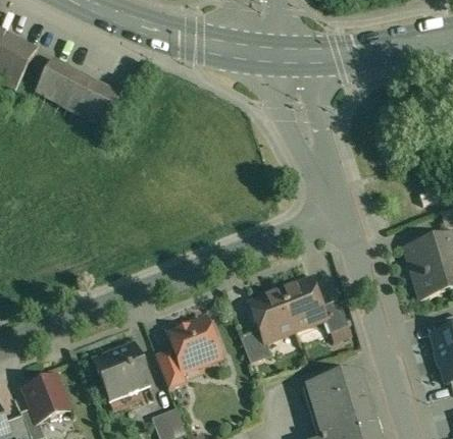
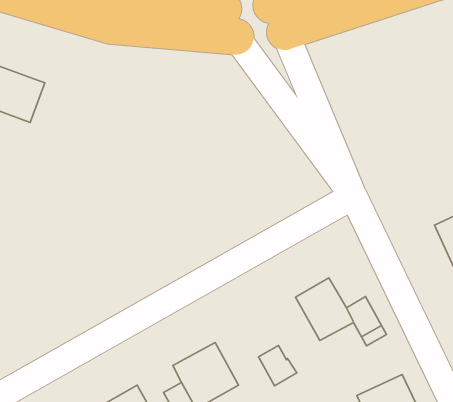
building: [76,78,121,125] -> none
building: [248,290,294,342] -> none

